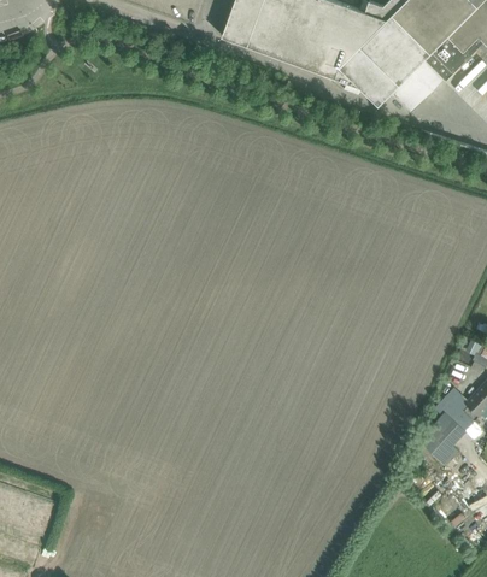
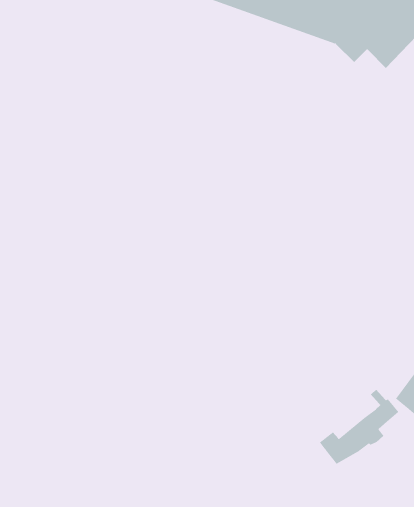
building: none -> [319,389,399,464]

